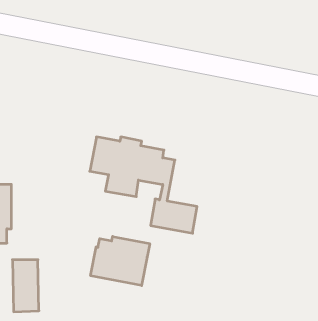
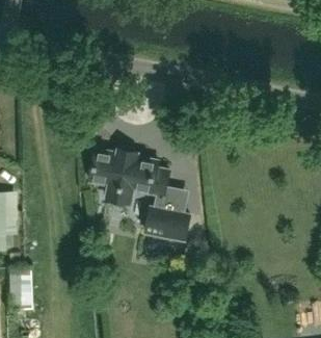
building: [91,236,150,286] -> none

